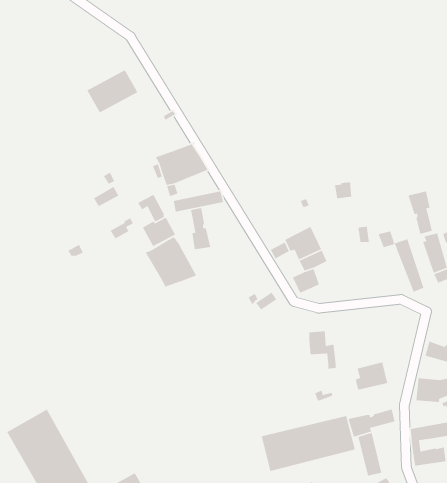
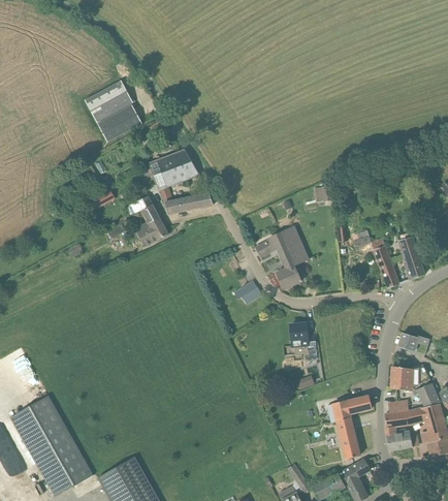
building: none -> [98,104,142,143]
building: [408,191,433,235] -> none
building: [190,207,211,250] -> none
building: [145,236,197,289] -> none
building: [355,362,388,391] -> none
building: [261,415,356,472] -> none

